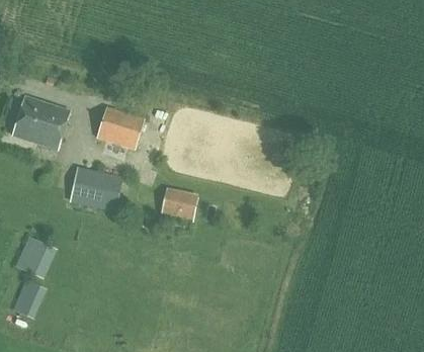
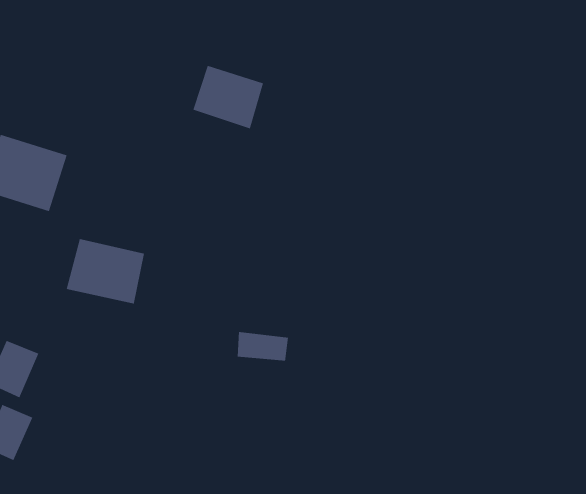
building: [95,106,144,150] -> [192,65,264,129]
building: [169,197,204,217] -> [237,332,289,361]

